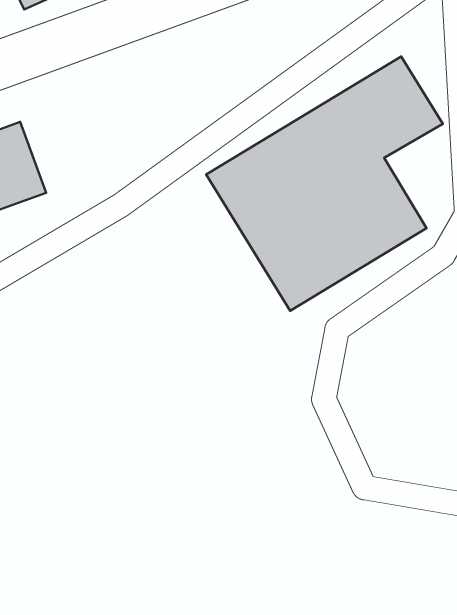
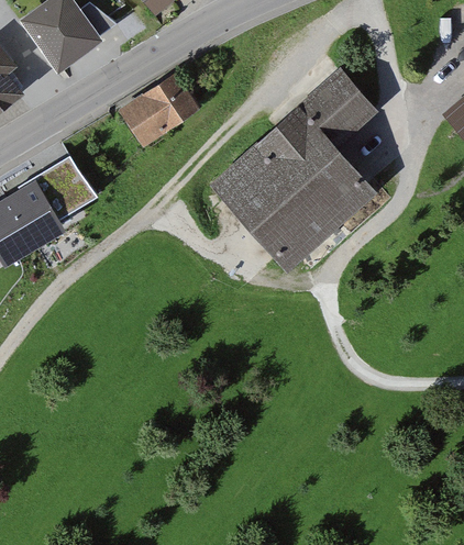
building: none -> [120,77,199,146]

